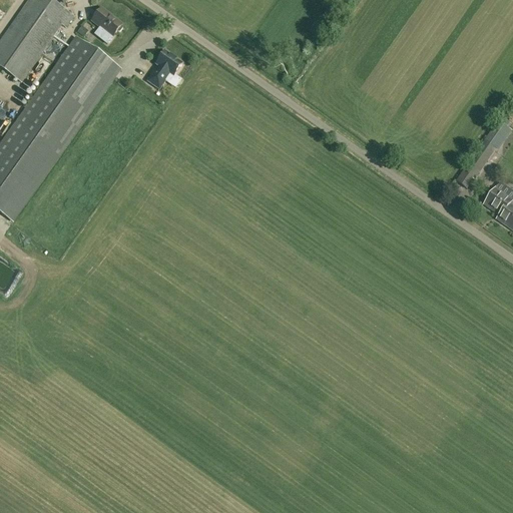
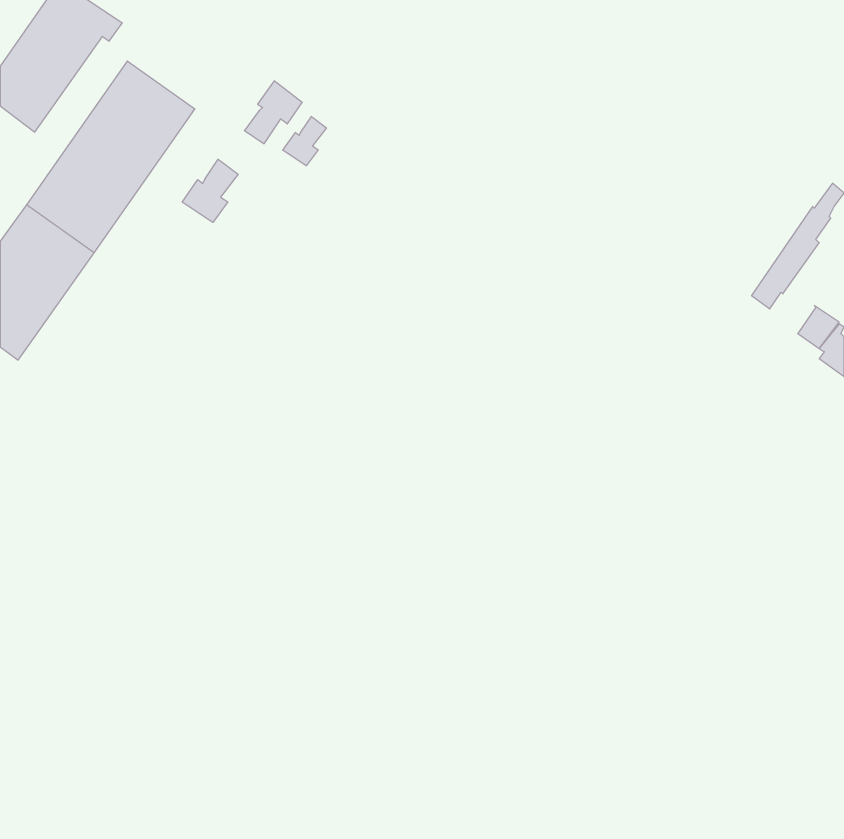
building: [92,7,123,35] -> none
building: none -> [283,116,326,166]
building: none -> [182,159,238,222]

